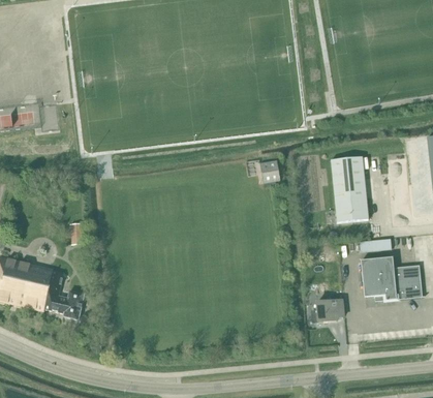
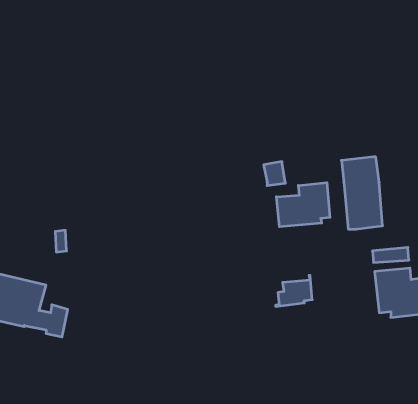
building: none -> [276,183,330,227]
building: [310,296,343,324] -> [276,275,312,306]

